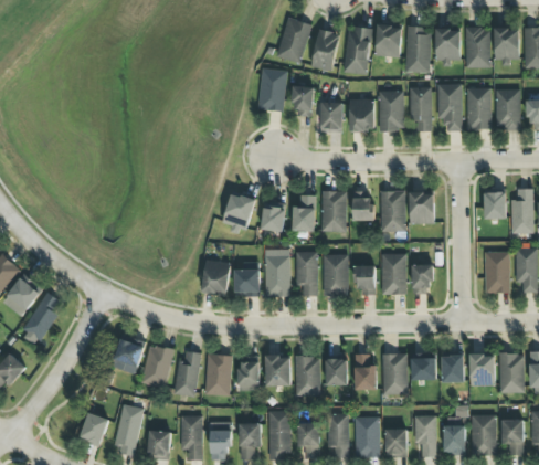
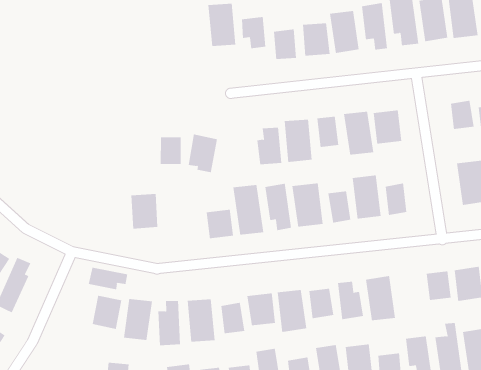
building: [261,202,285,231] -> [160,137,182,164]
building: [202,260,230,294] -> [131,193,158,229]
building: none -> [88,267,128,290]
building: [412,358,436,380] -> none

